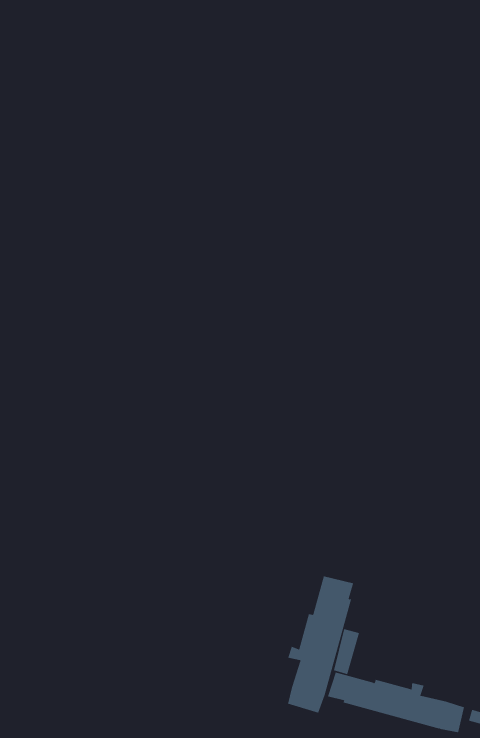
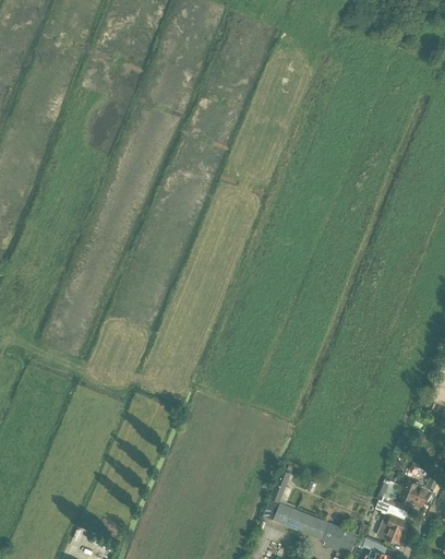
building: [287,576,354,714] -> none

